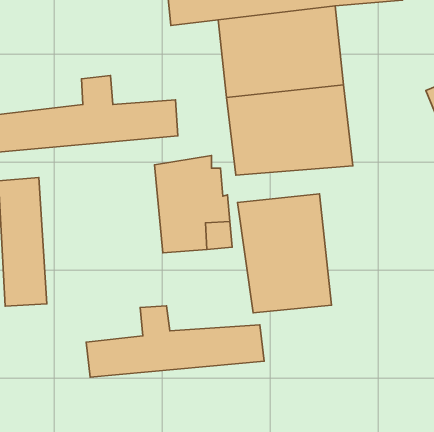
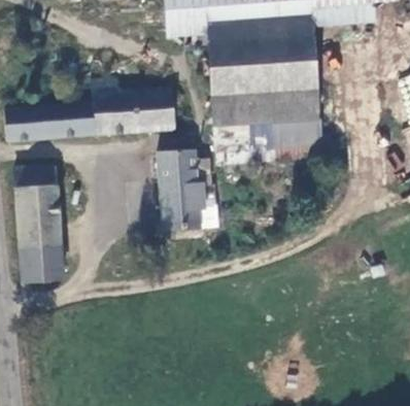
building: [238,194,332,313] -> none
building: [86,306,264,377] -> none

